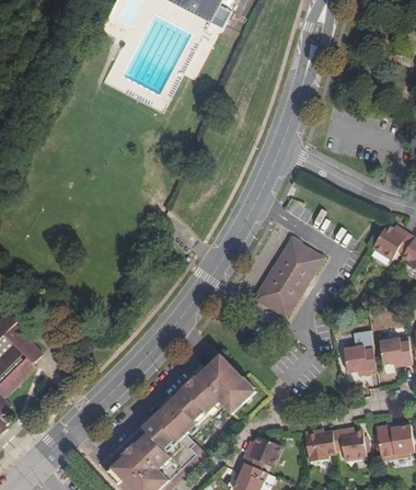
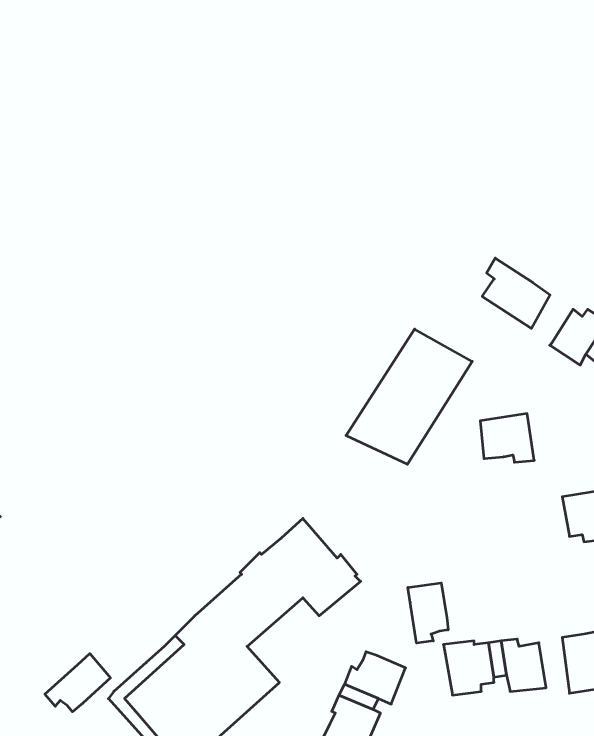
building: none -> [482,258,550,328]
building: [343,344,375,374] -> [480,414,534,462]
building: none -> [408,583,448,643]
building: none -> [45,654,110,712]

